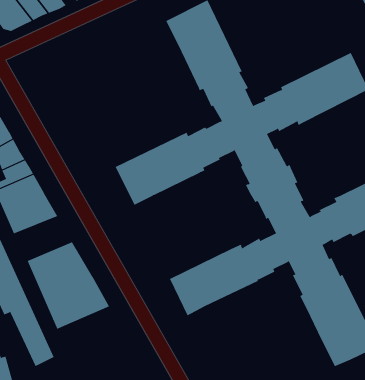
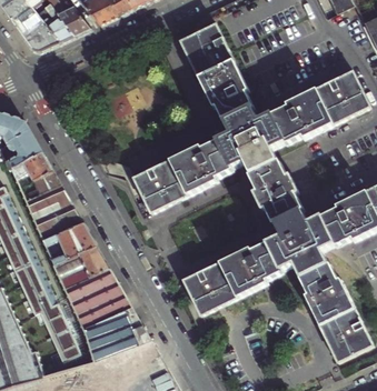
building: none -> [41,223,96,264]
building: none -> [81,307,150,361]

